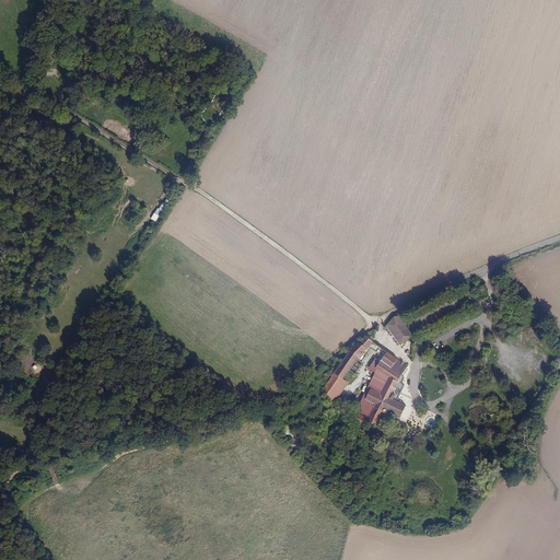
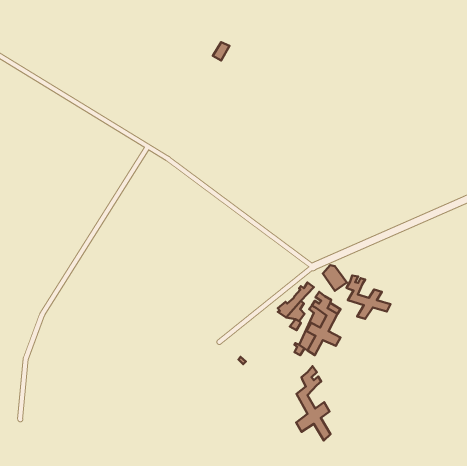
building: none -> [347,275,391,319]
building: none -> [296,366,331,440]

